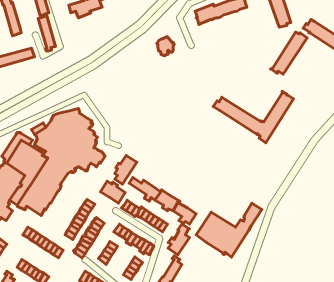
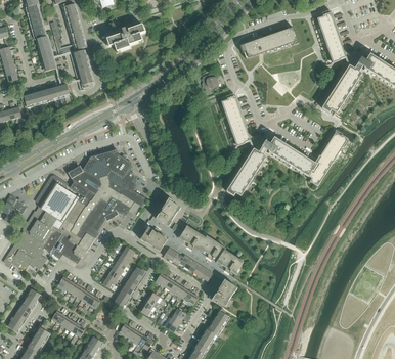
building: none -> [221,94,249,145]
building: none -> [227,149,265,195]
building: [196,203,262,257] -> none

